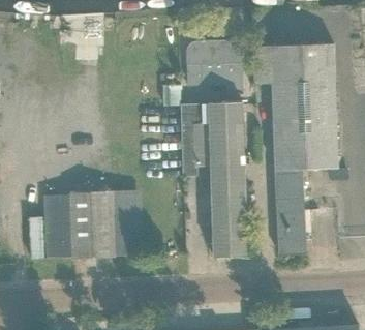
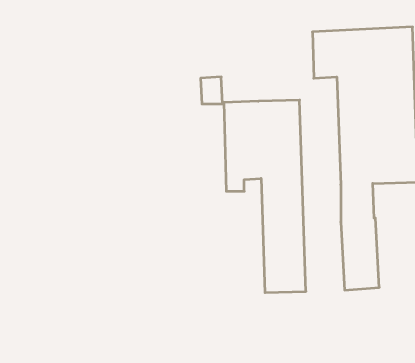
building: [186,39,242,94] -> none
building: [29,190,139,259] -> none

